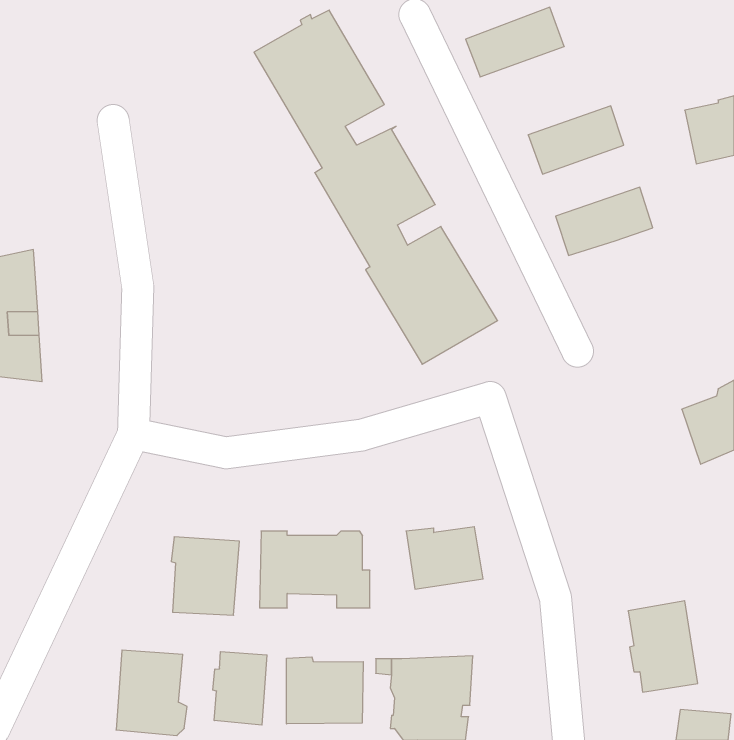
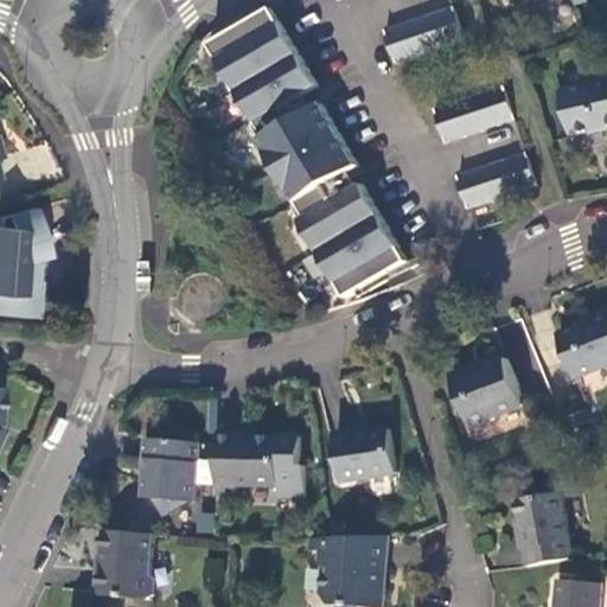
building: none -> [452,359,522,427]
building: [213,652,267,725] -> none
building: [287,657,363,724] -> none

